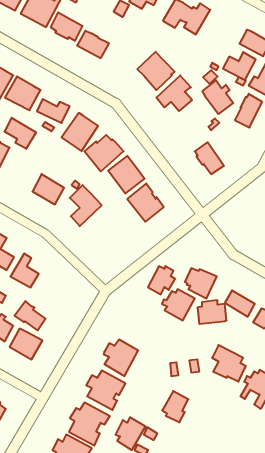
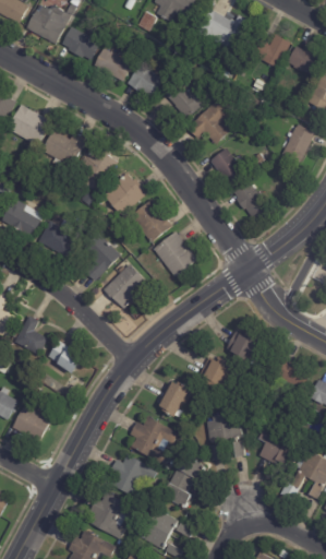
building: none -> [128,63,166,99]
building: [223,52,256,80] -> [253,35,292,69]
building: [202,80,233,114] -> [210,147,247,188]
building: [4,118,36,149] -> [7,198,45,235]
building: none -> [104,264,147,308]
building: [148,266,175,294] -> [155,382,188,416]
building: [197,300,227,324] -> [202,413,237,441]
building: [15,301,46,330] -> [49,337,86,372]
building: [162,391,189,422] -> [162,469,194,507]

